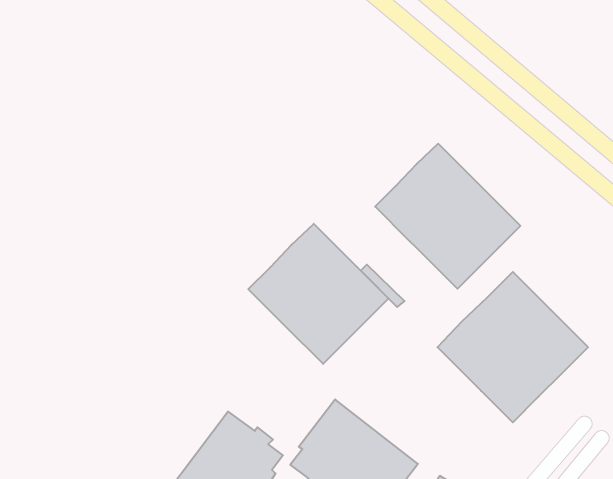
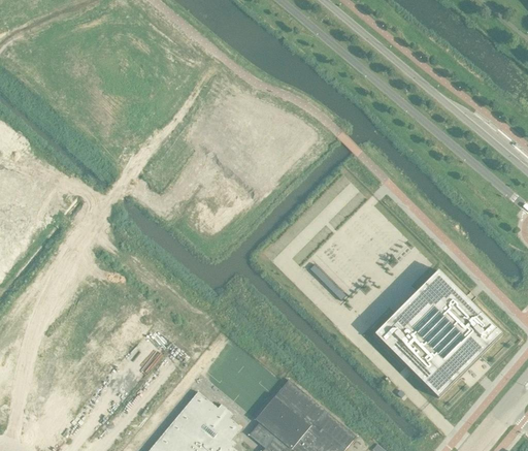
building: [375,144,520,289] -> none
building: [248,224,389,364] -> none

